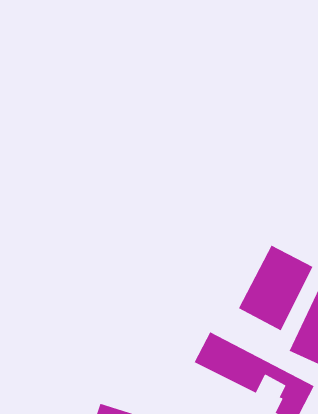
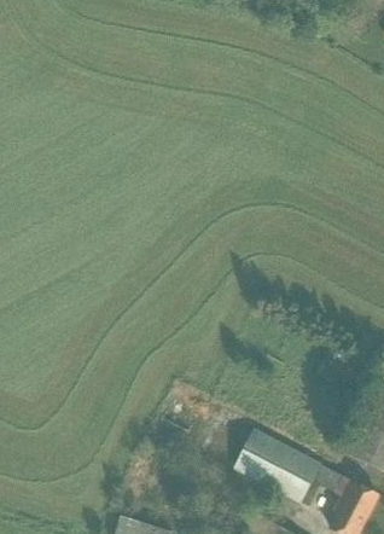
building: [238,245,314,331] -> none

